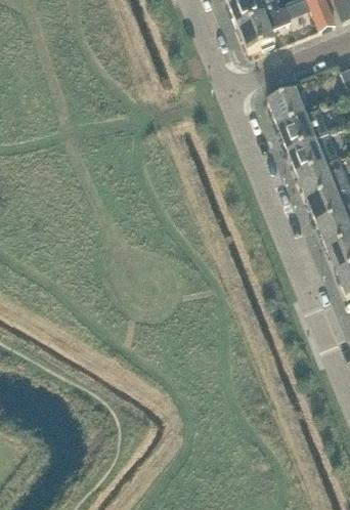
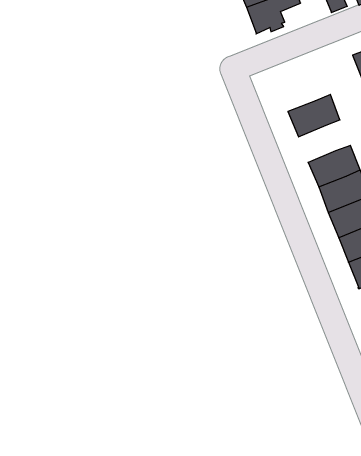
building: [268,90,305,126] -> none
building: [289,134,339,175] -> none

